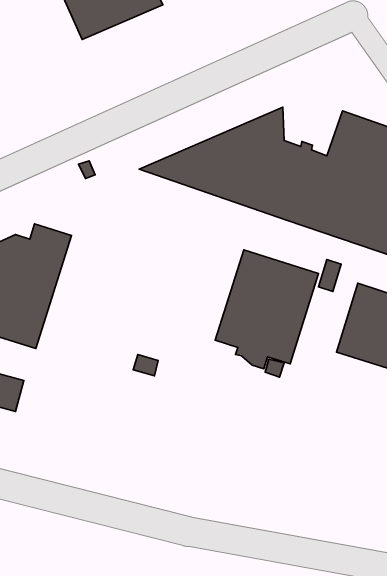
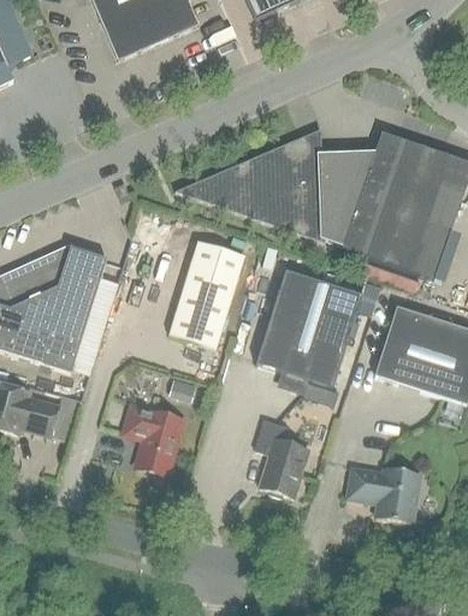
building: none -> [170,239,244,346]
building: none -> [125,404,182,473]
building: none -> [255,417,309,496]
building: none -> [348,466,421,522]

